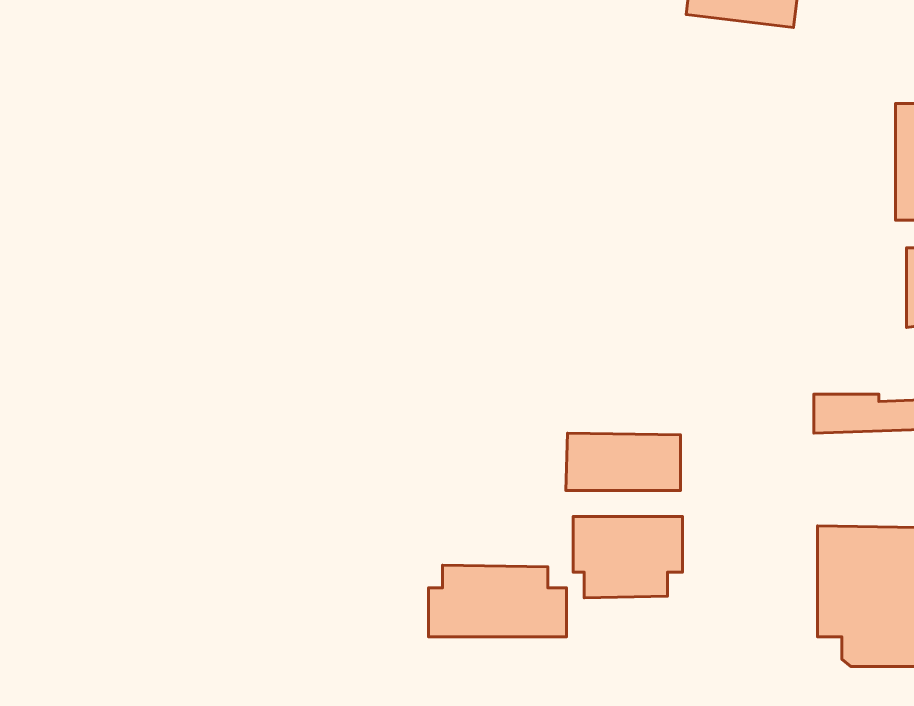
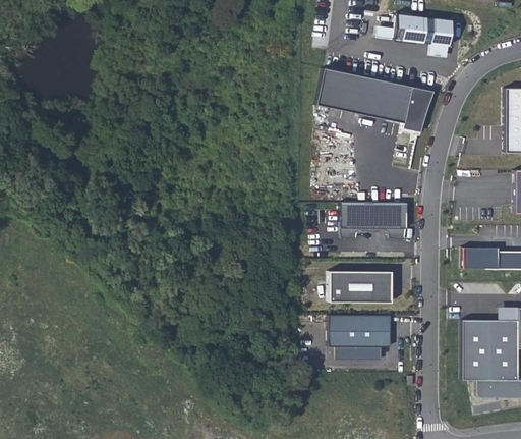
building: none -> [317,69,435,132]
building: none -> [339,199,406,236]
building: [428,565,566,637] -> none

